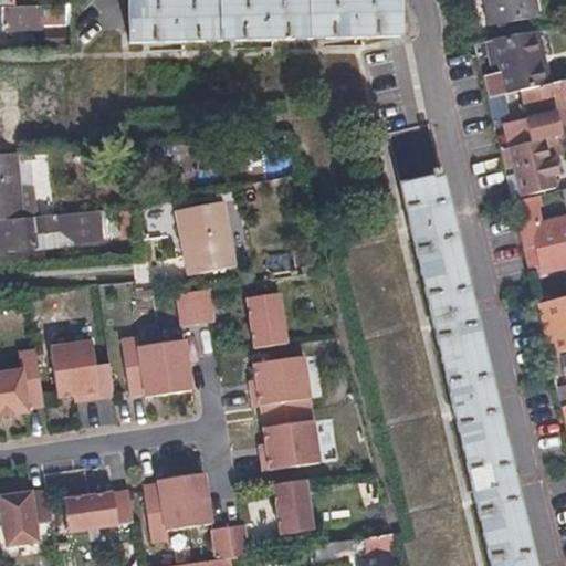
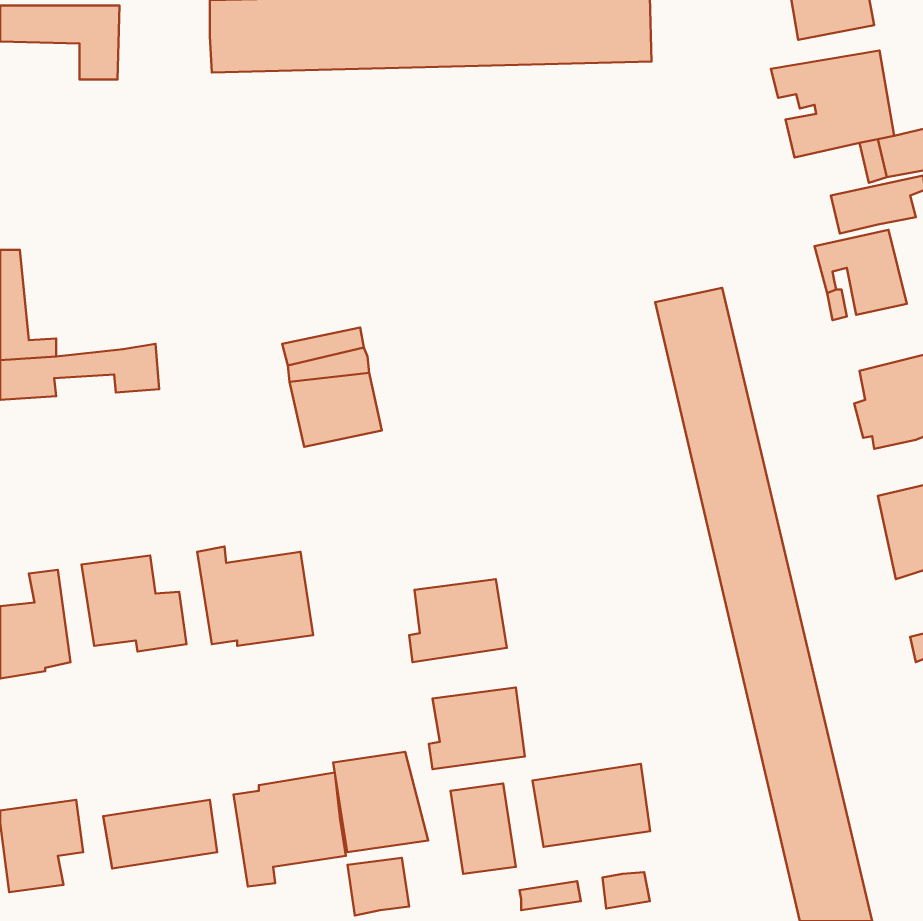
building: [178,285,216,324] -> none
building: [247,290,286,346] -> none
building: none -> [333,752,428,852]
building: none -> [533,764,650,847]

